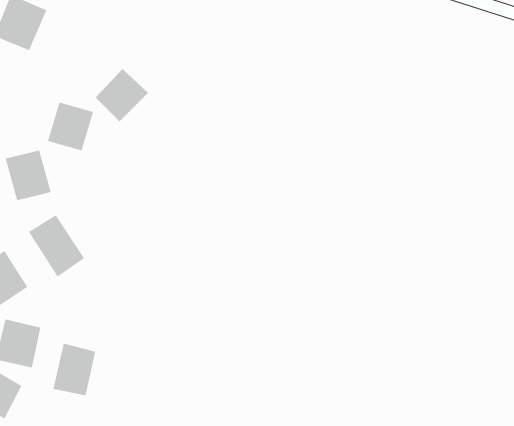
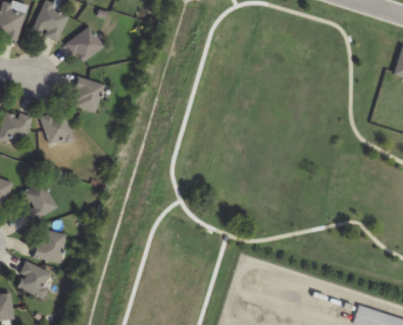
building: [95,68,149,122] -> [65,25,103,63]
building: [28,214,85,277] -> none
building: [53,343,96,396] -> none

